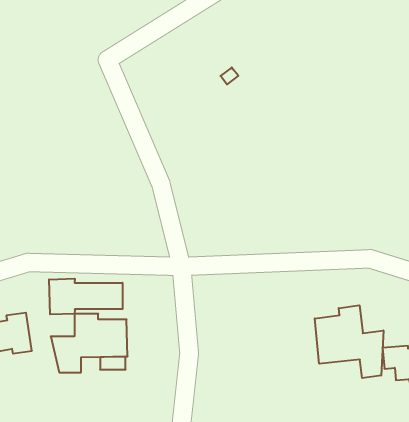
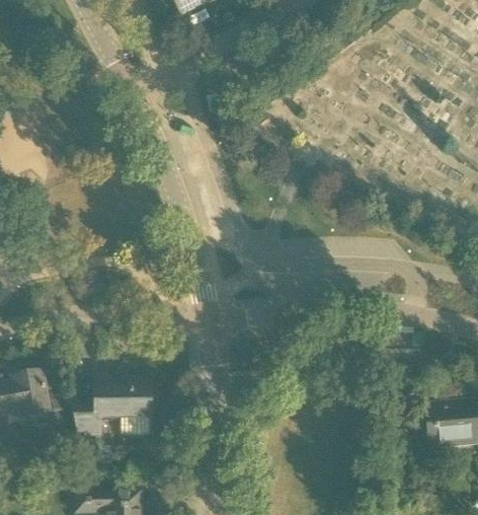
building: [49,279,123,314] -> none
building: [315,305,383,378] -> none

